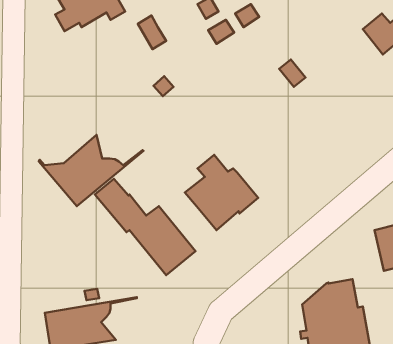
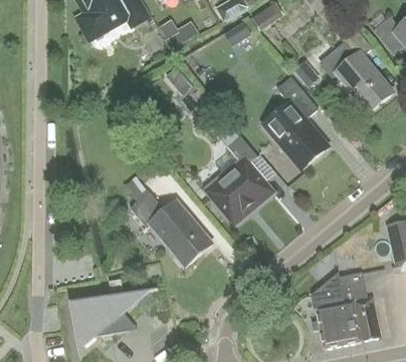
building: none -> [320,26,394,111]
building: none -> [263,75,330,169]
building: [39,135,143,206] -> none
building: none -> [228,135,259,167]

